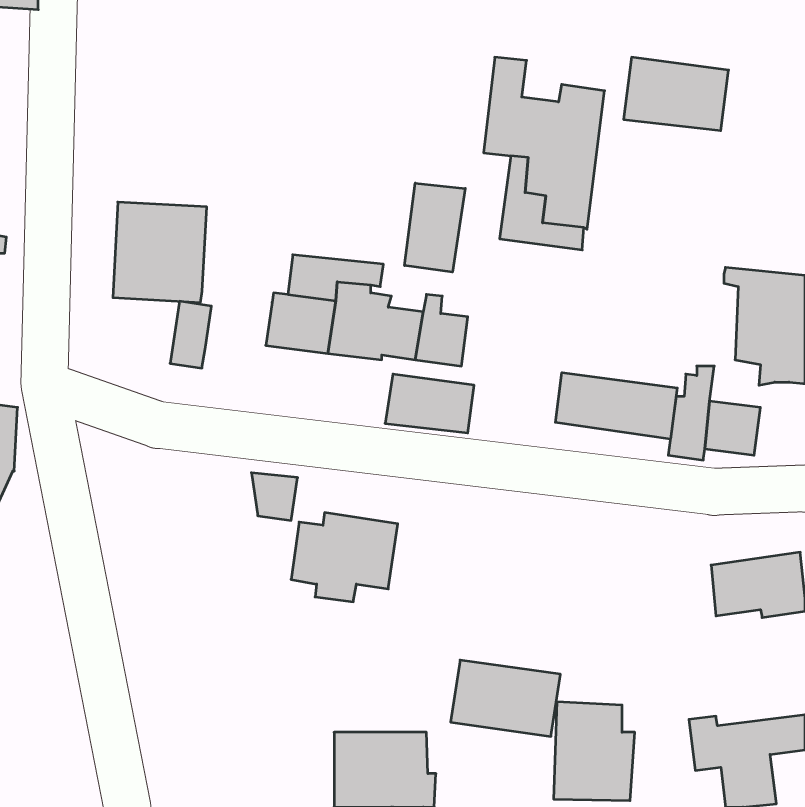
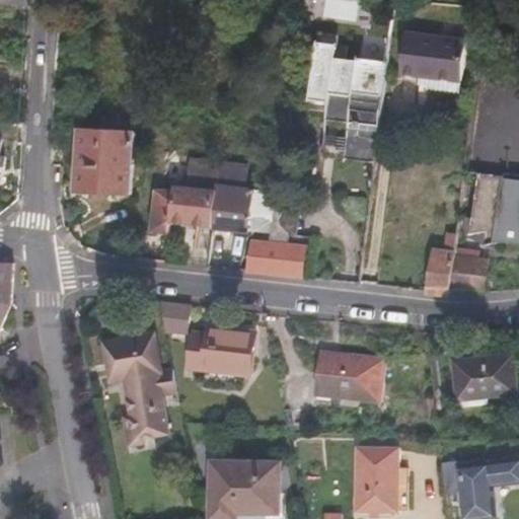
building: [405,183,465,272] -> none
building: [170,301,211,368] -> [147,190,173,232]
building: [555,373,677,439] -> none
building: none -> [104,332,176,439]
building: [451,660,560,736] -> [312,350,382,398]

